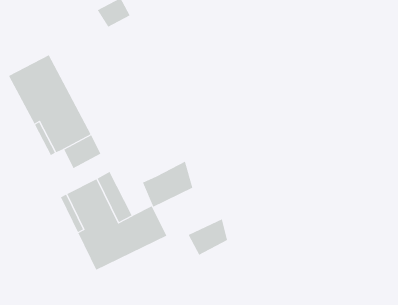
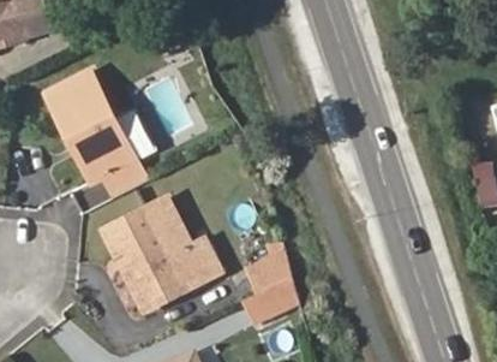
building: [142,161,193,207] -> [240,275,297,327]

